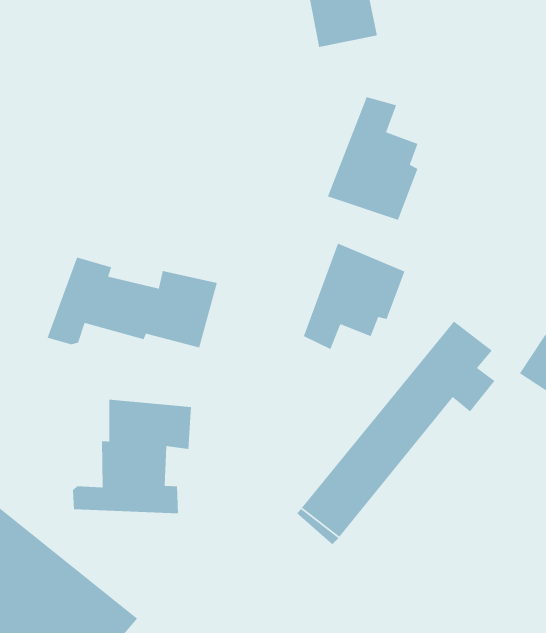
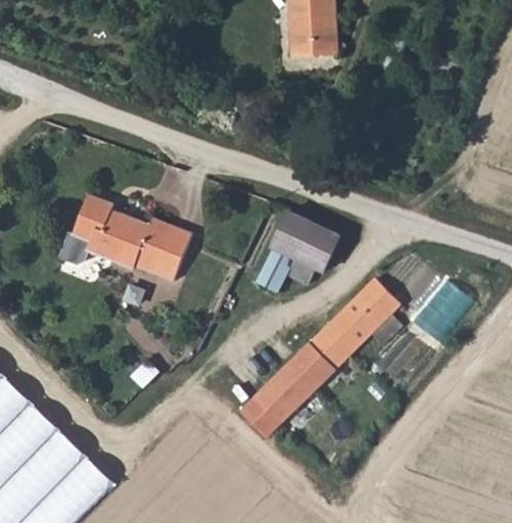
building: [327,96,419,221] -> none
building: [72,399,192,514] -> none

